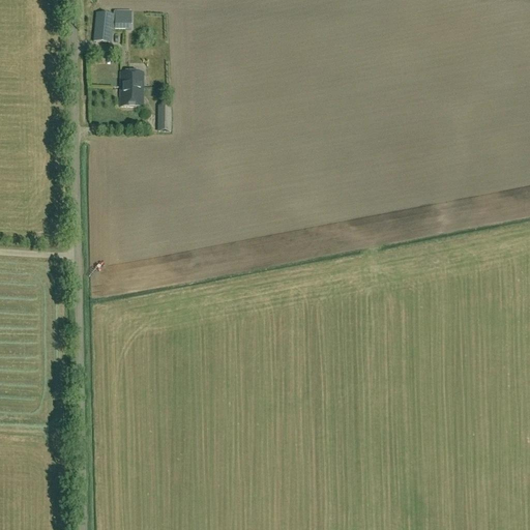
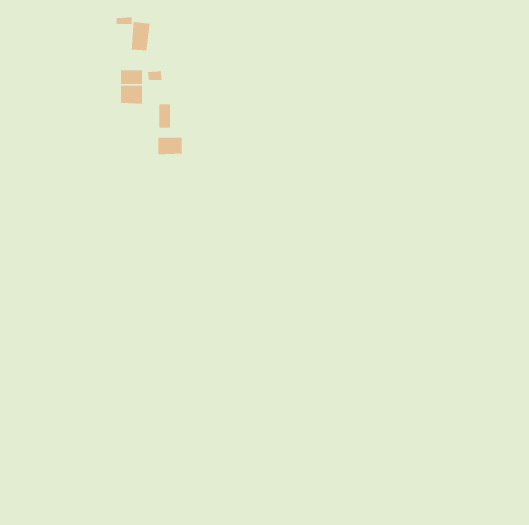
building: [94,9,114,39] -> [131,21,150,51]
building: none -> [158,137,182,155]

